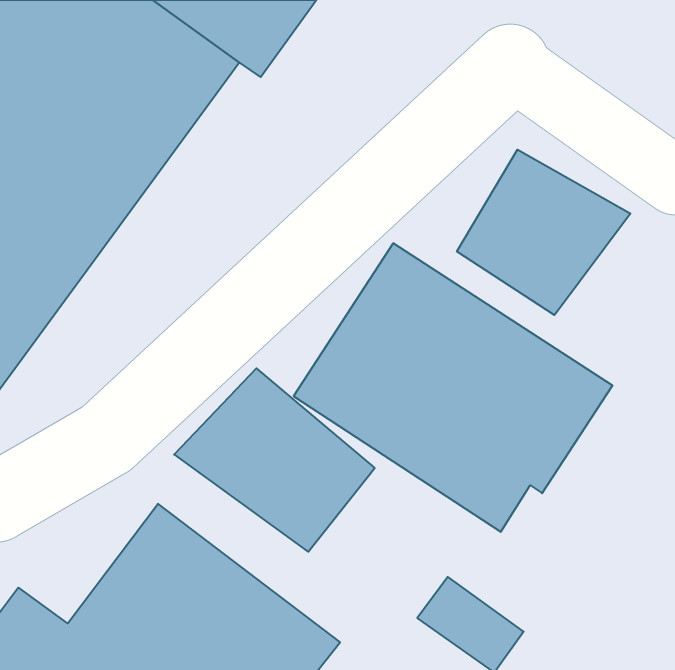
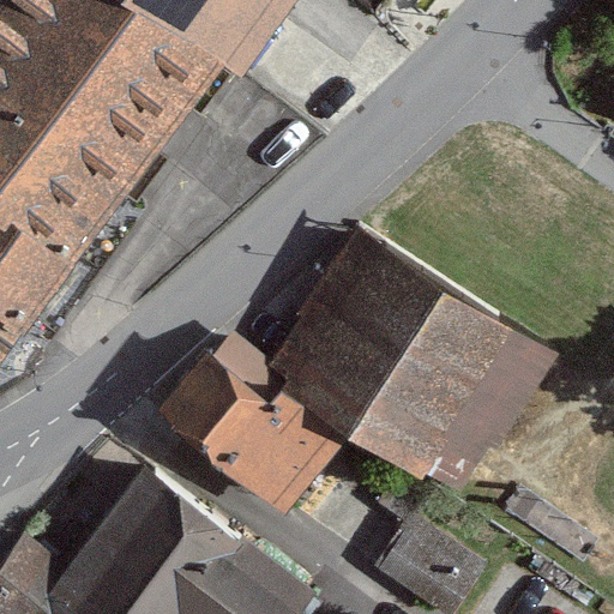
building: [457,150,630,315] -> none

